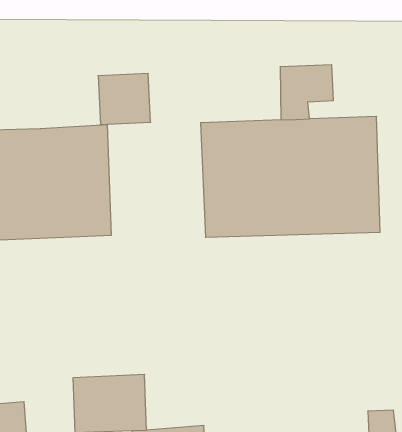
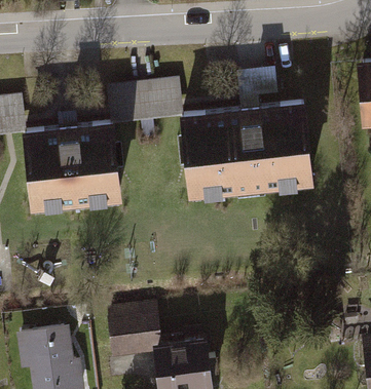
building: none -> [143,81,183,120]

